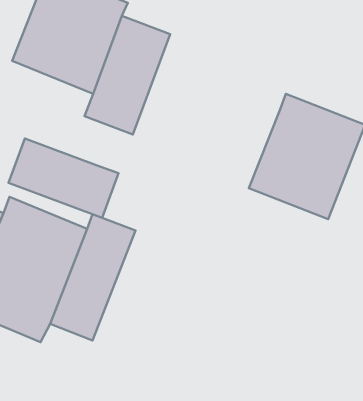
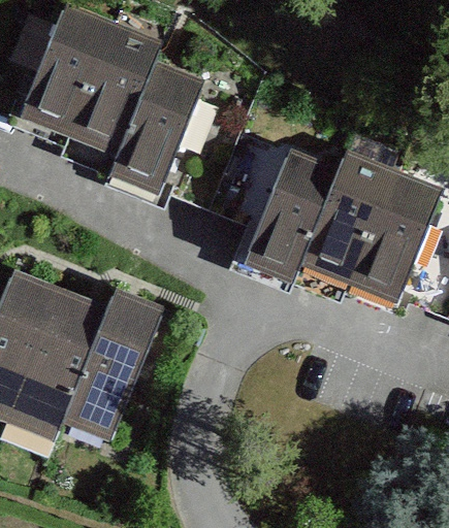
building: none -> [242,148,336,280]
building: [8,138,119,218] -> none

